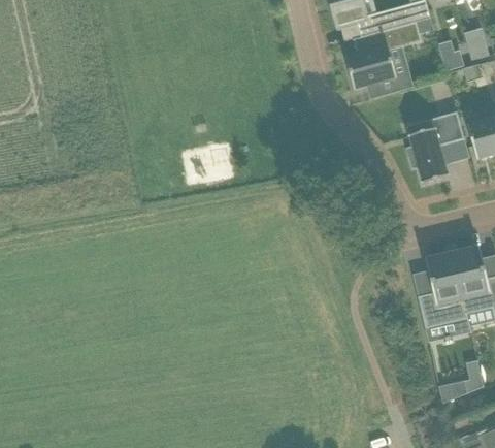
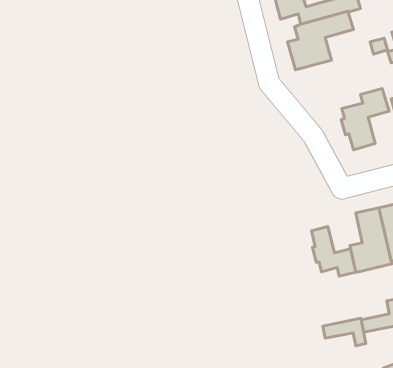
building: none -> [311,227,356,276]
building: none -> [323,318,366,346]

